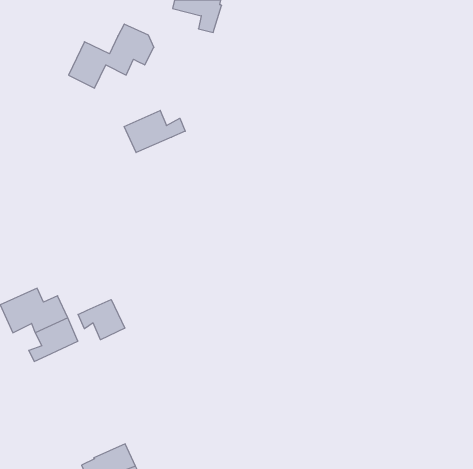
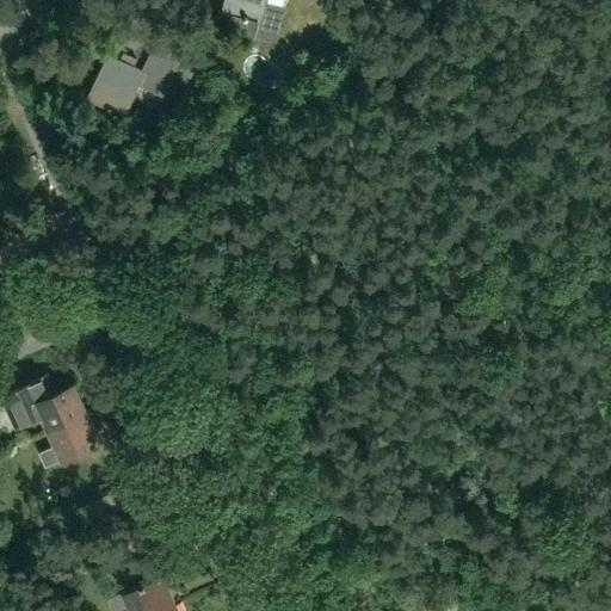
building: [124,110,185,153] -> none
building: [78,300,125,340] -> none

